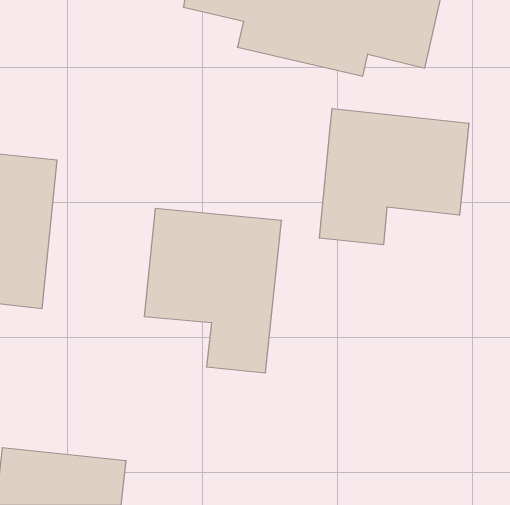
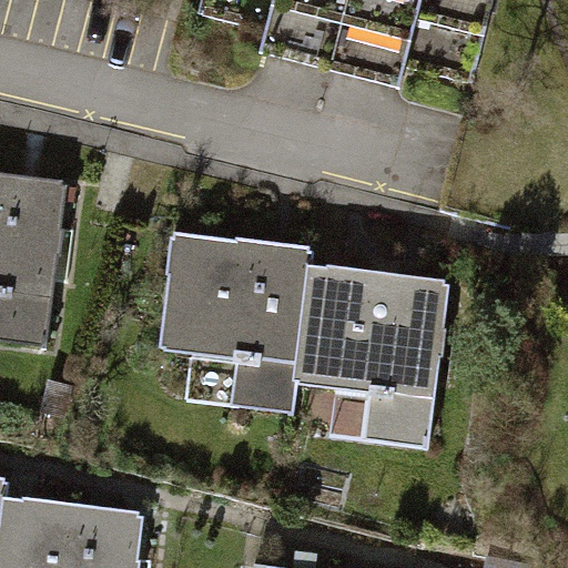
building: [319,108,469,245] -> none
building: none -> [297,265,447,442]

